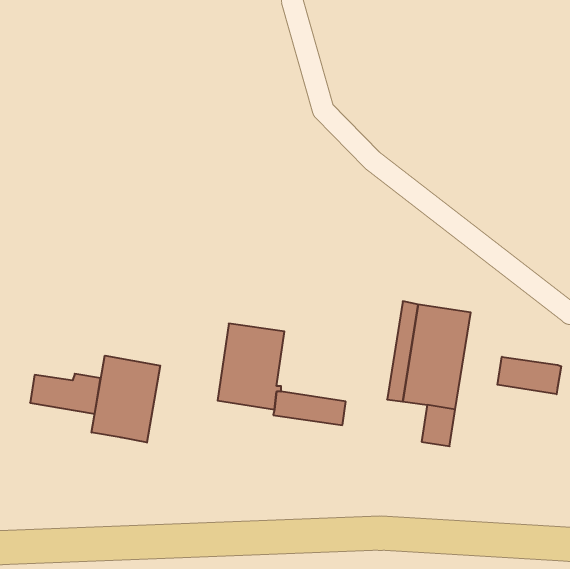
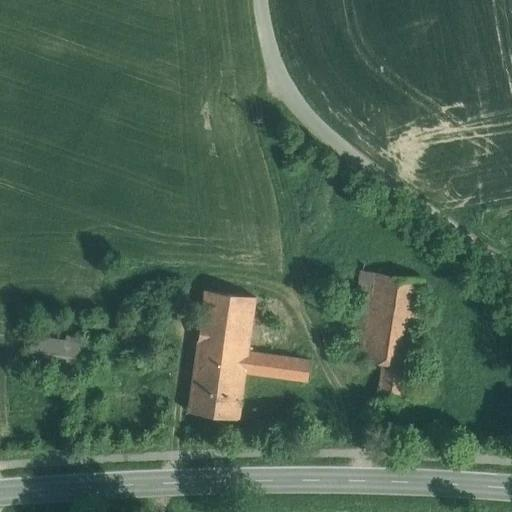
building: [92,356,160,443] -> none
building: [497,357,561,394] -> none
building: none -> [188,360,246,419]

